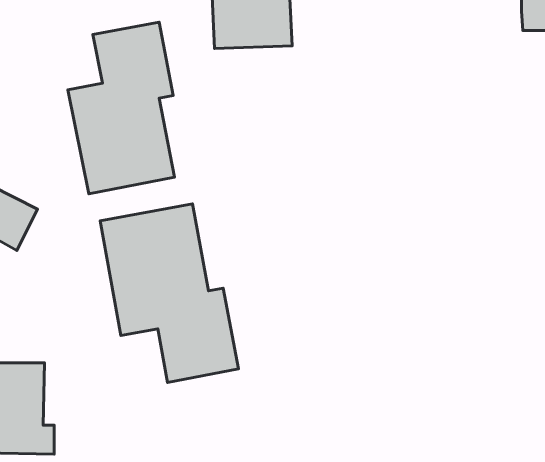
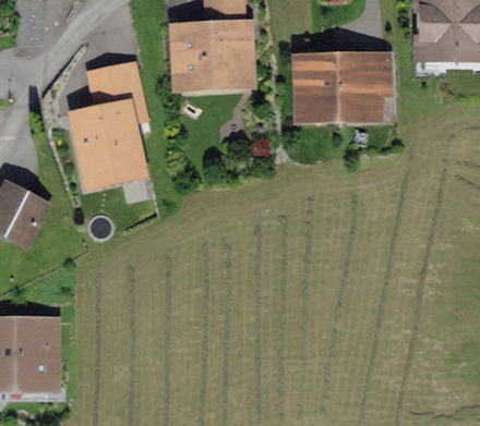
building: none -> [302,58,386,107]
building: [100,204,239,382] -> none

